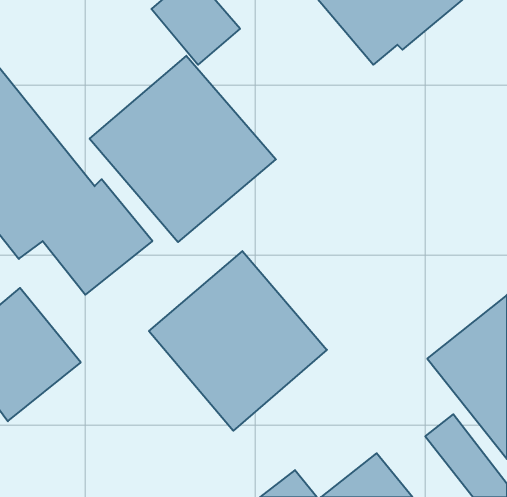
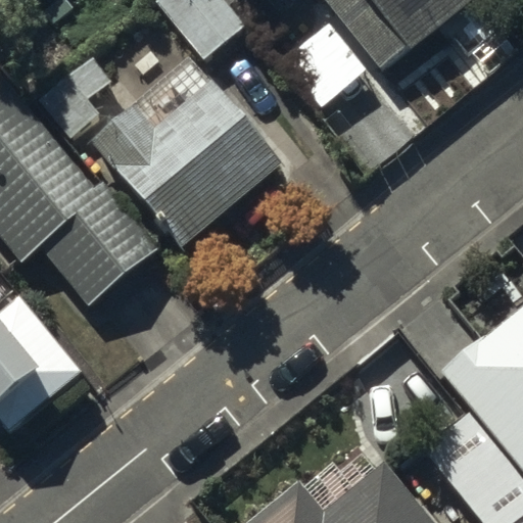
building: [149,251,327,431] -> none

